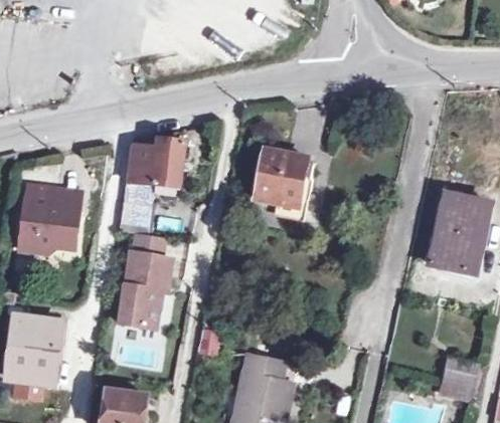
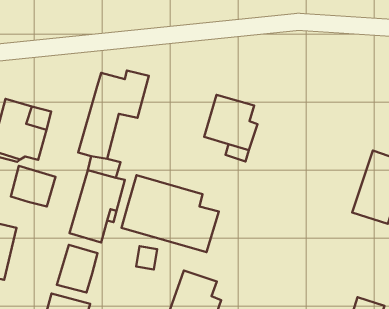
building: none -> [121,175,219,252]
building: none -> [11,166,56,207]
building: none -> [57,245,97,292]

